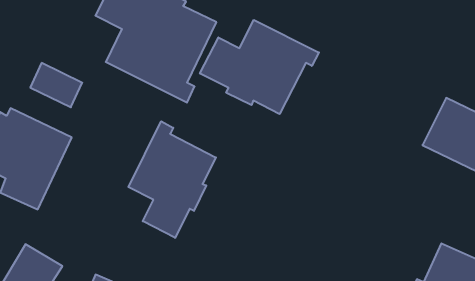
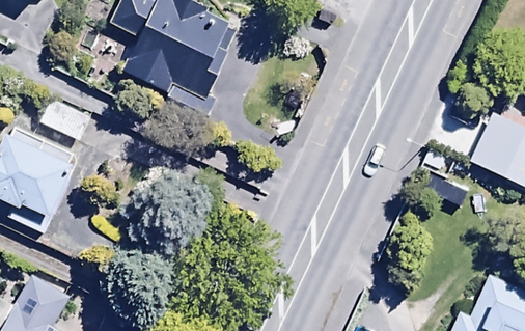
building: [200,20,319,114] -> none
building: [128,121,216,238] -> none

